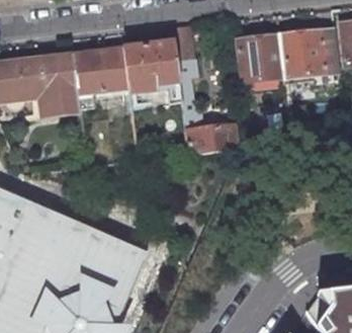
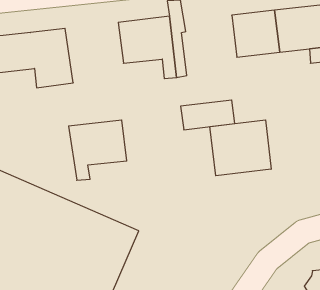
building: [72,46,129,105] -> [69,120,127,180]
building: none -> [210,120,271,176]

